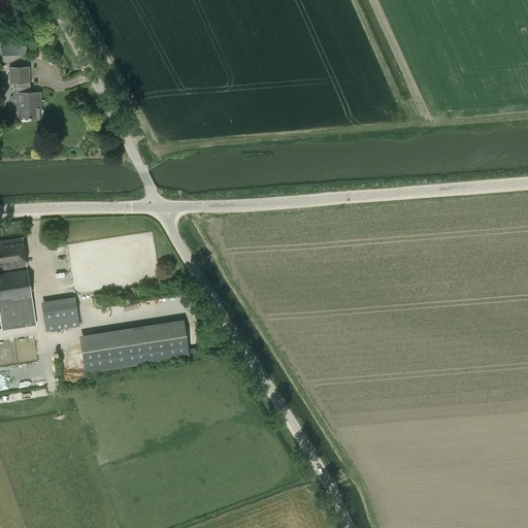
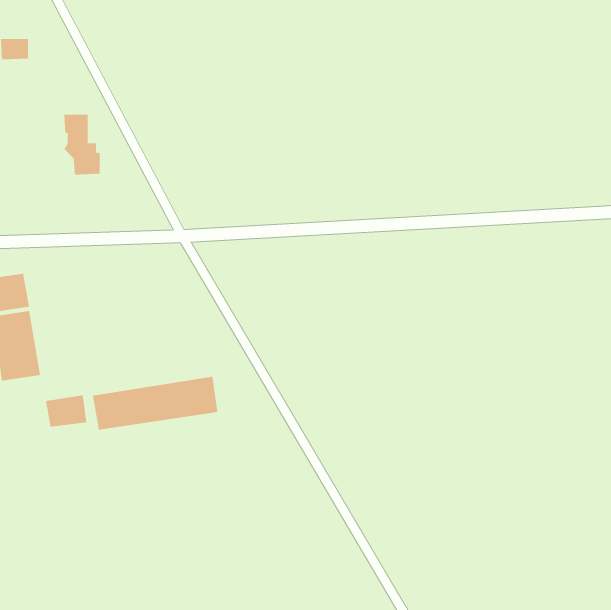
building: [7,65,39,118] -> [63,114,101,175]
building: [41,300,77,328] -> [45,395,87,427]

